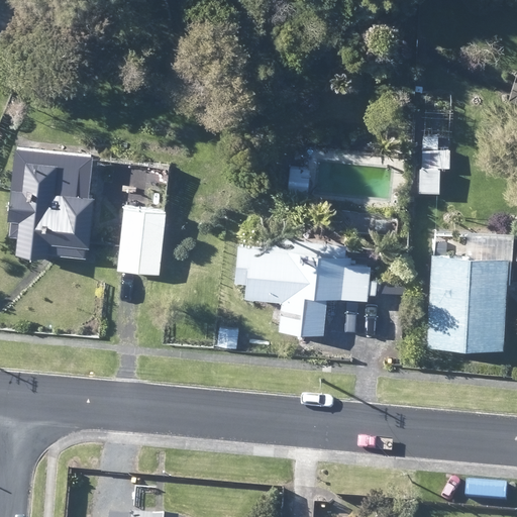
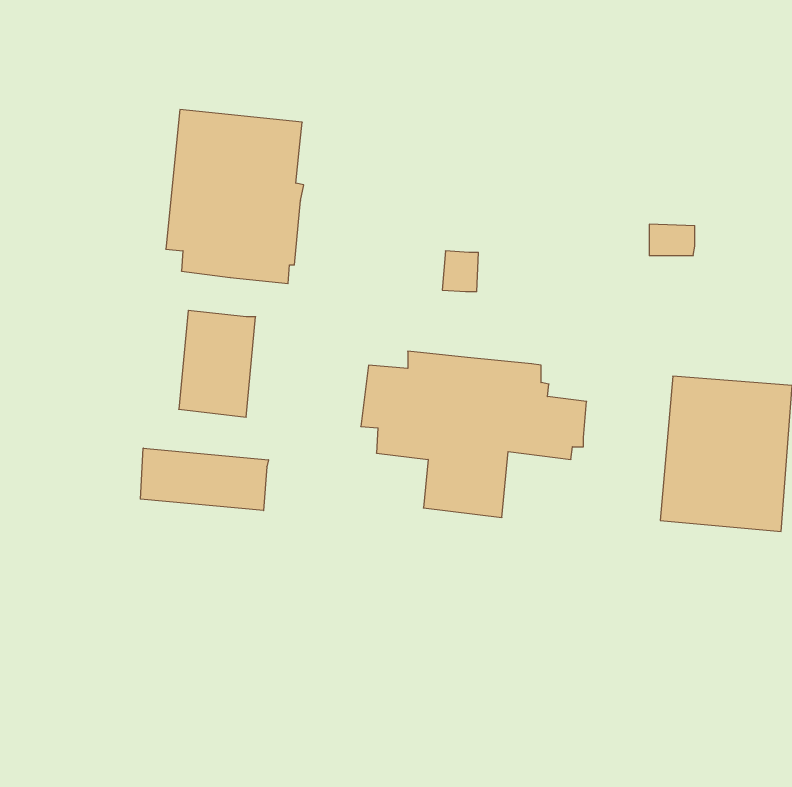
building: [7,148,96,261] -> [166,110,304,284]
building: none -> [140,448,268,511]

